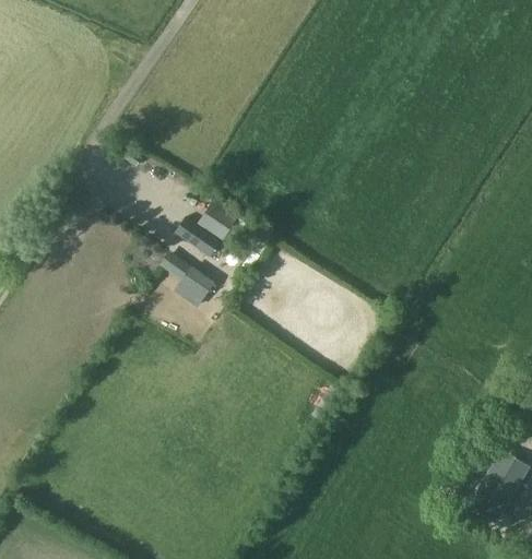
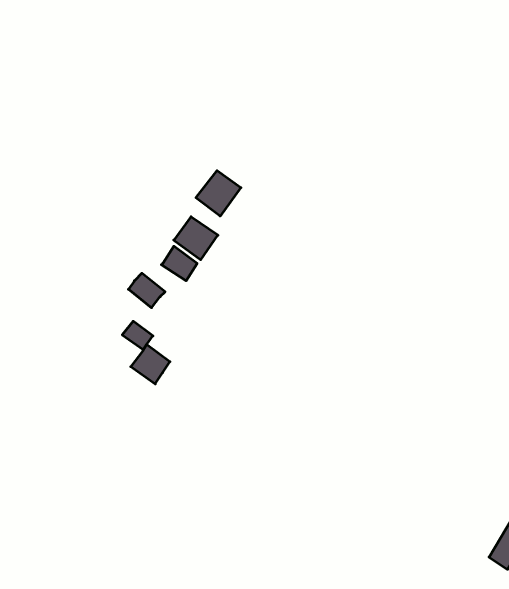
building: none -> [196,171,241,216]
building: [178,265,213,300] -> [131,345,170,384]

